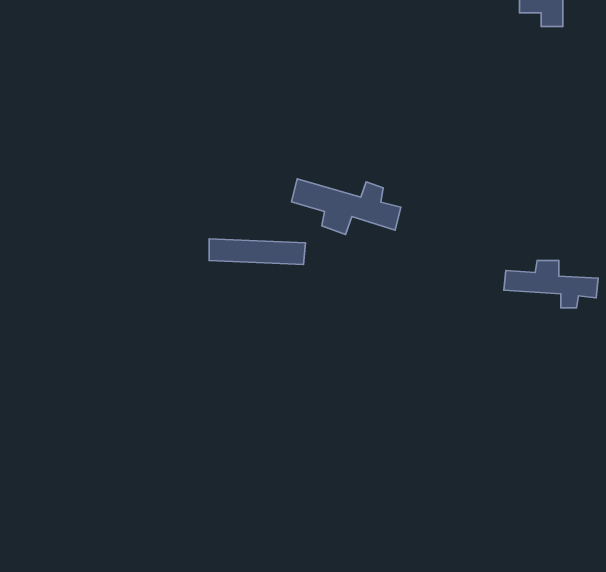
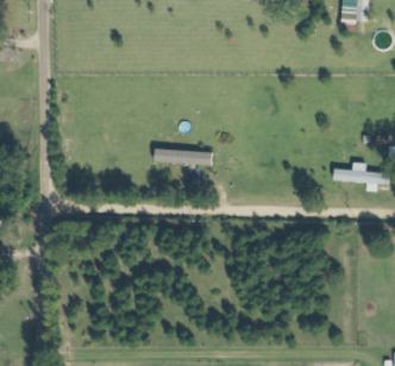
building: [292,179,401,234] -> none

